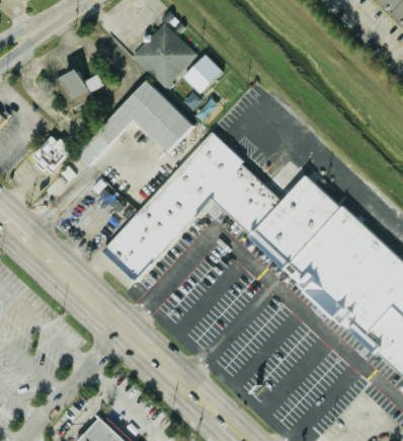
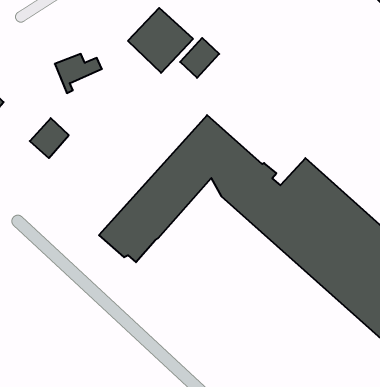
building: [75,79,195,167] -> none

